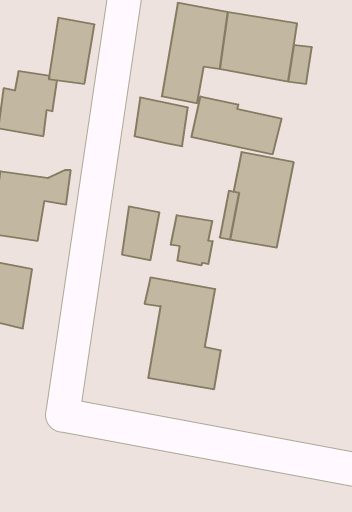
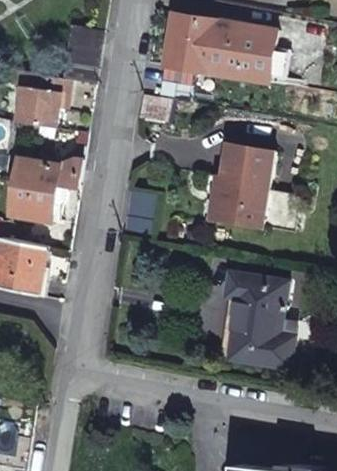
building: [192,96,281,154] -> none
building: [171,215,213,265] -> none
building: [145,278,221,389] -> [225,270,292,368]

